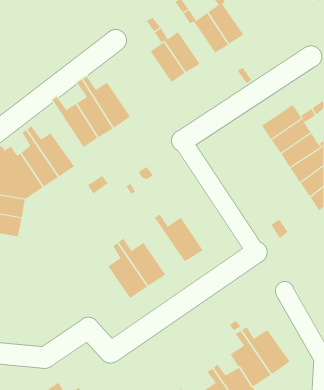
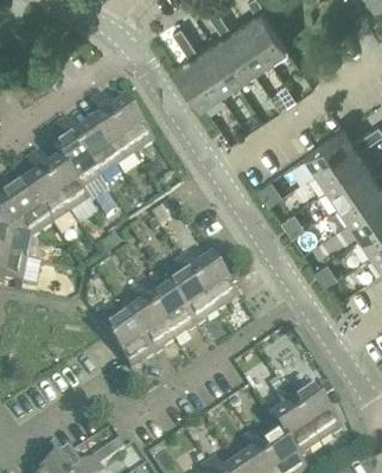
building: none -> [210,27,253,76]
building: none -> [53,119,98,186]
building: none -> [170,256,217,322]
building: none -> [96,308,153,366]

